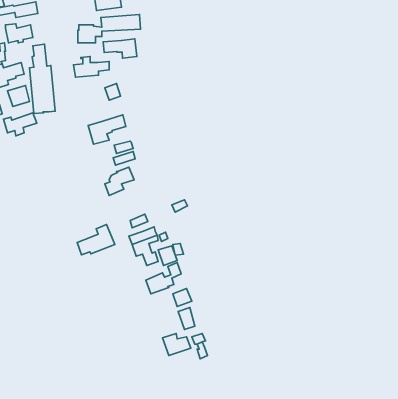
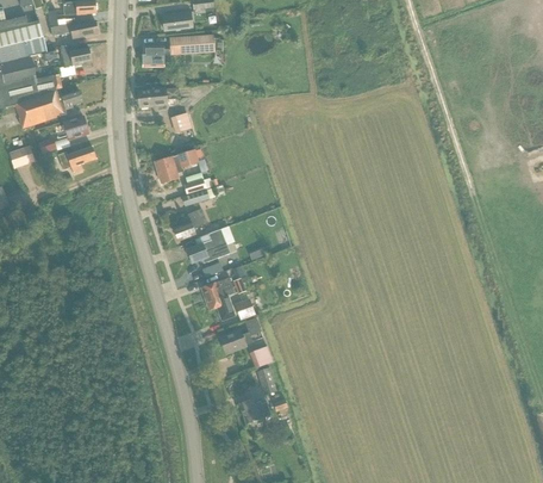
building: [103,39,137,58] -> none
building: [30,44,55,114] -> none
building: [77,225,115,255] -> [186,228,229,262]

